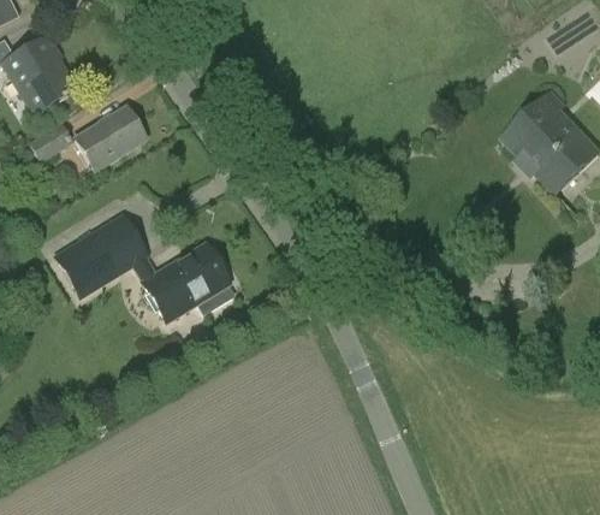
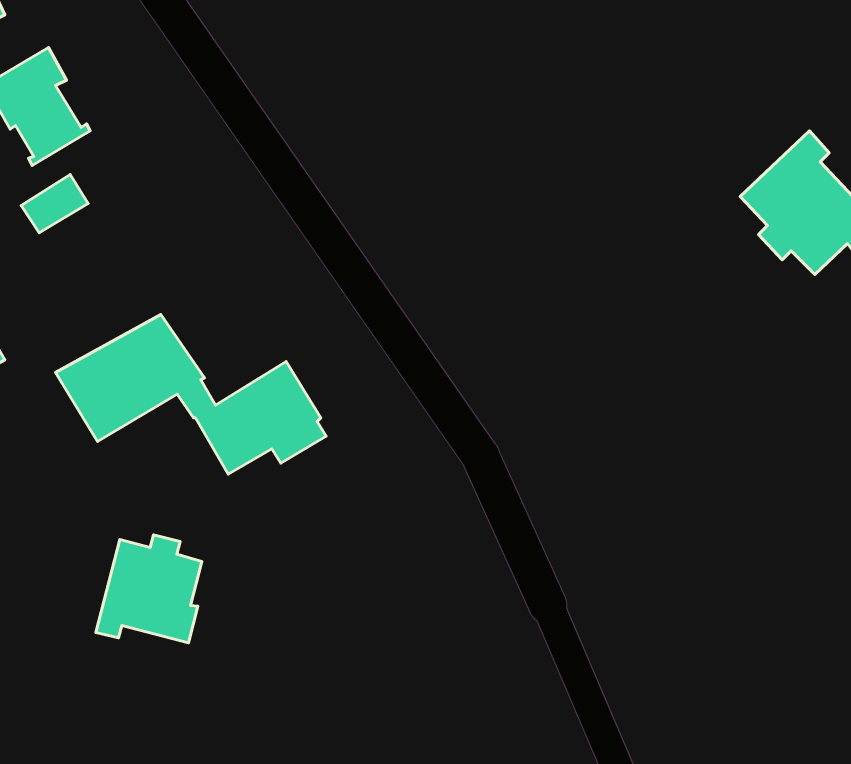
building: [75,107,144,170] -> none
building: none -> [96,535,202,643]

